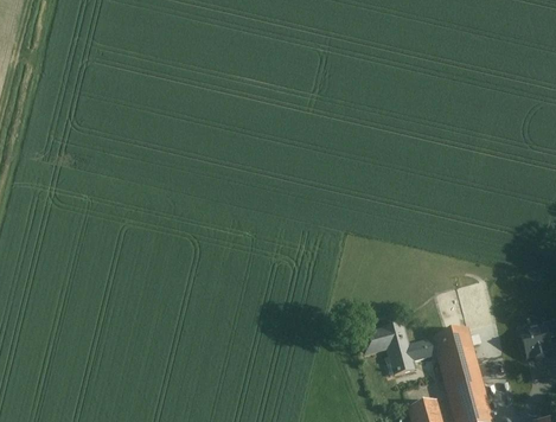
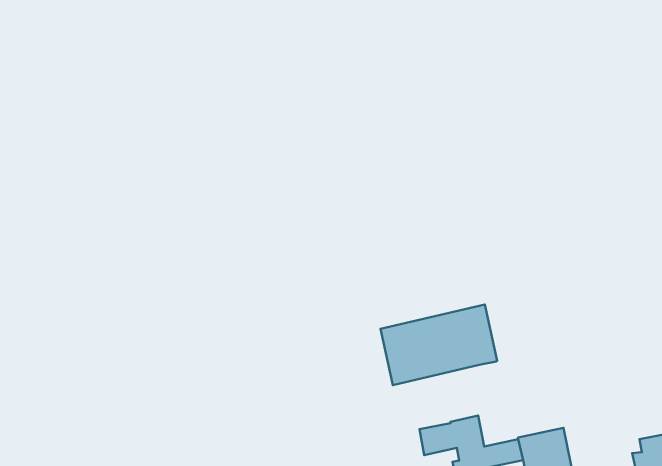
building: none -> [380,305,497,385]

